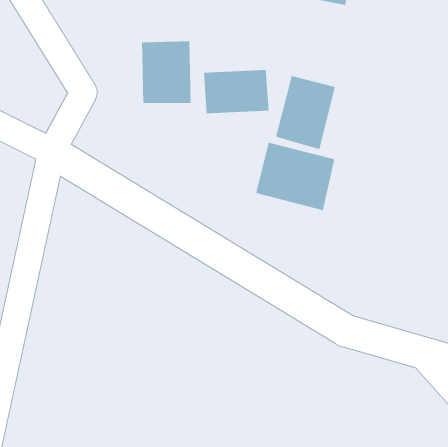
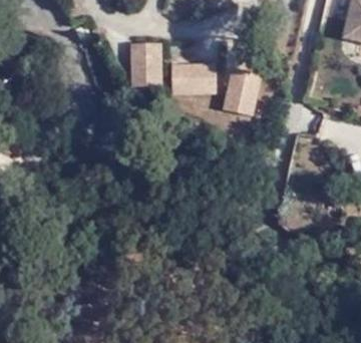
building: [255,142,335,211] -> none

